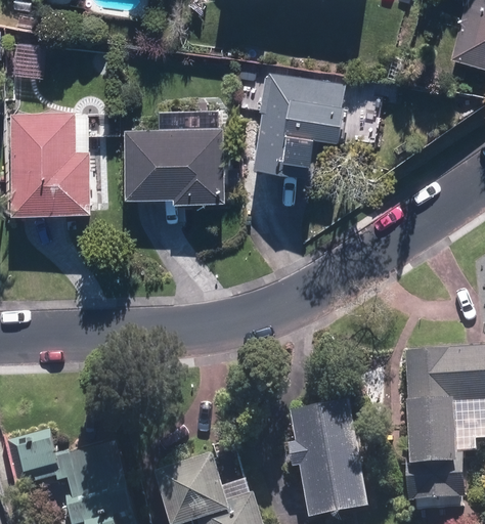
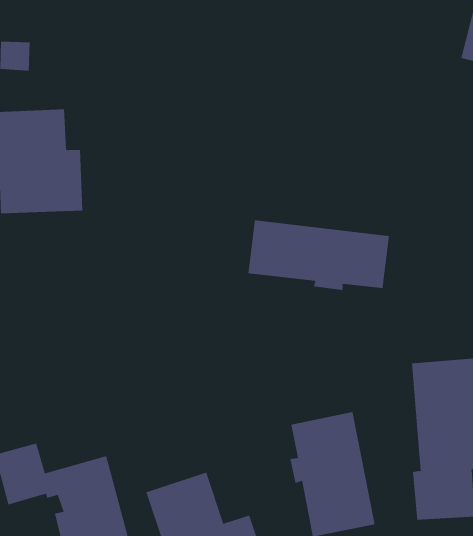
building: [256,71,346,171] -> none
building: [124,130,225,203] -> none
building: none -> [248,220,389,291]

